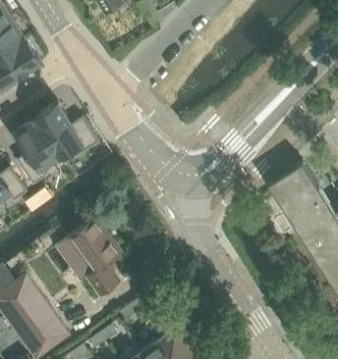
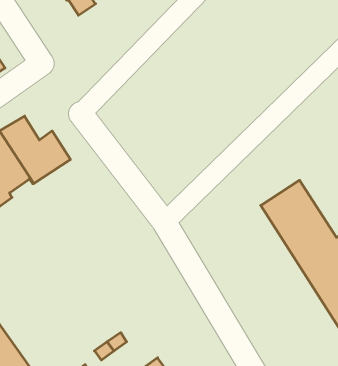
building: [55,219,121,296] -> none

